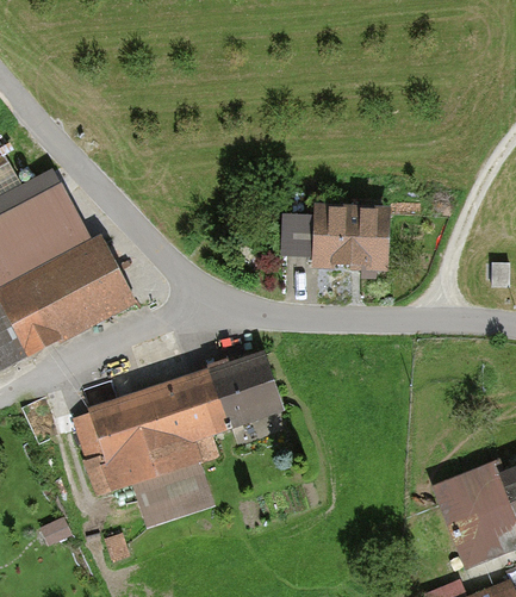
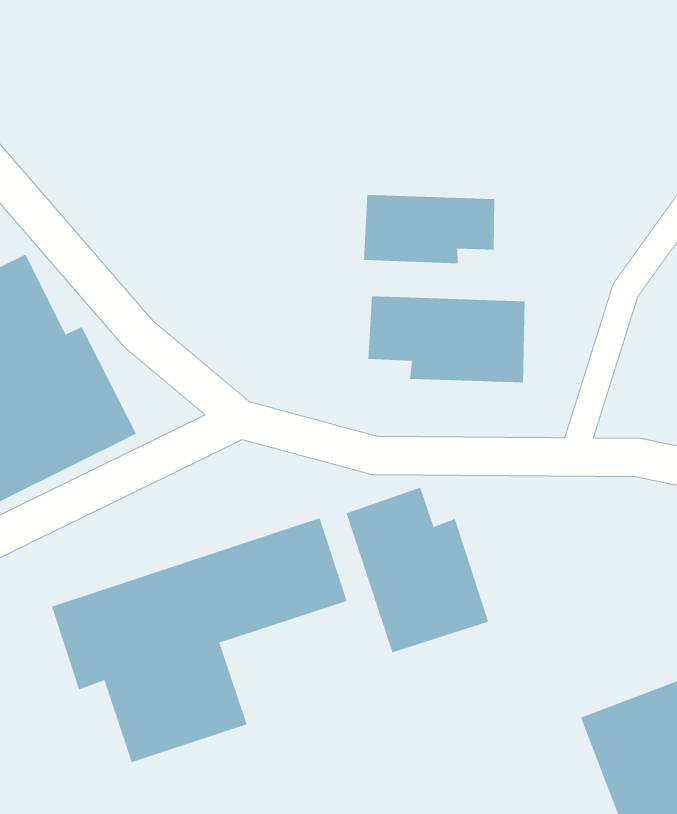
building: none -> [364,194,495,264]
building: none -> [346,487,489,653]

